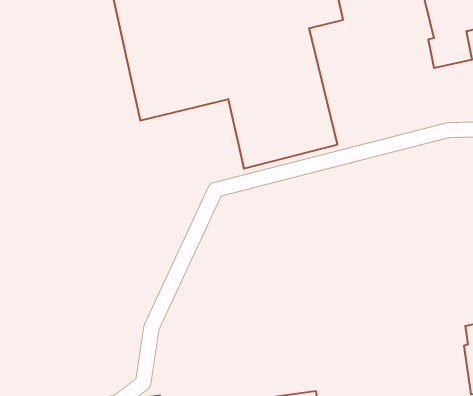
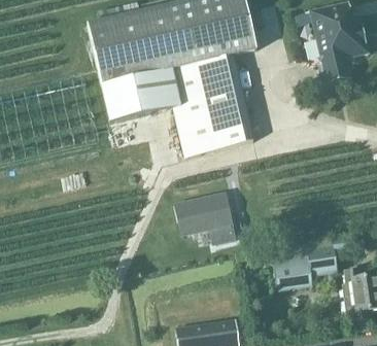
building: none -> [176,193,235,242]
building: none -> [273,245,337,289]

